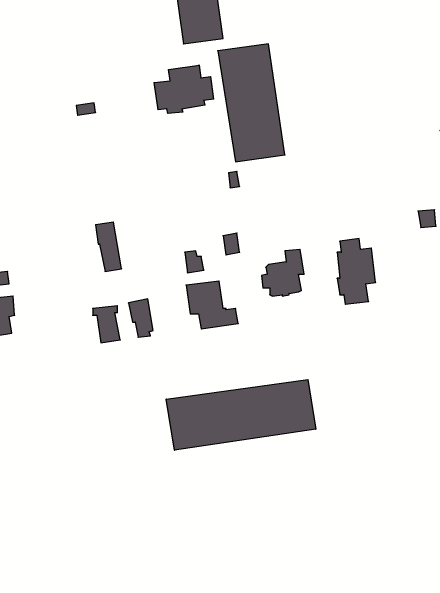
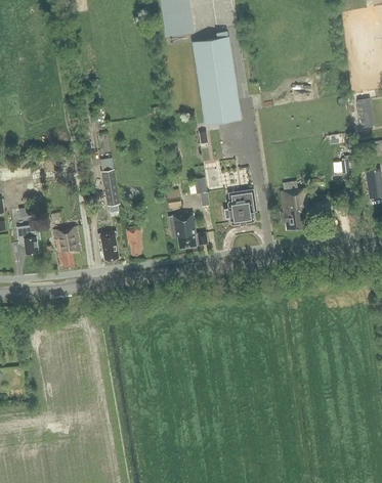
building: [154,65,214,113] -> none
building: none -> [53,226,80,267]
building: [166,380,316,450] -> none

